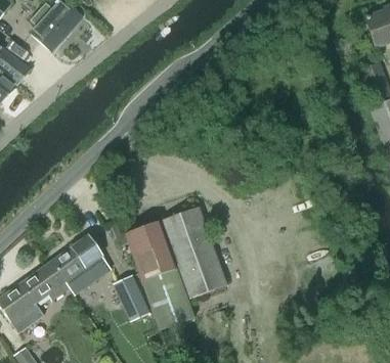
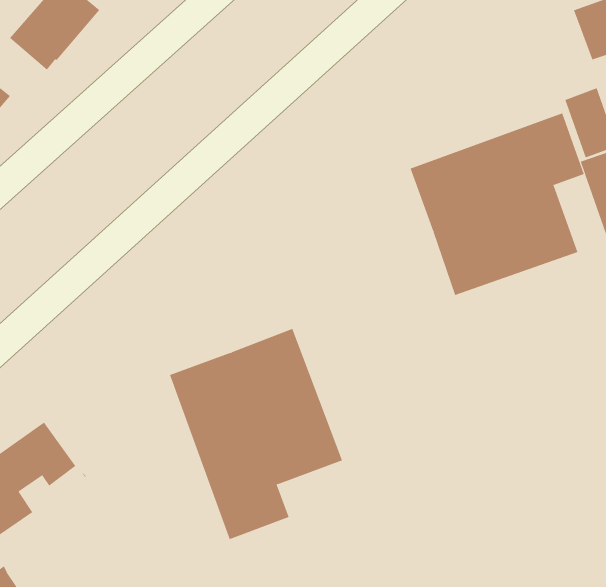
building: none -> [410,113,584,296]
building: [51,234,113,293] -> none
building: [114,274,149,320] -> none

